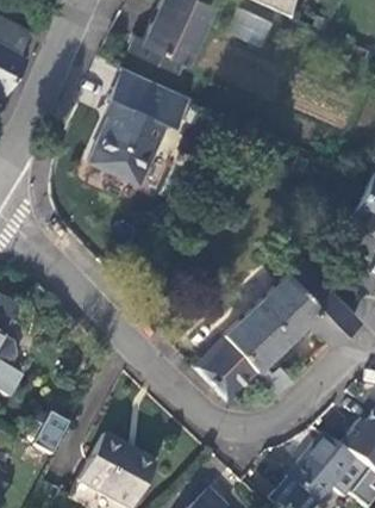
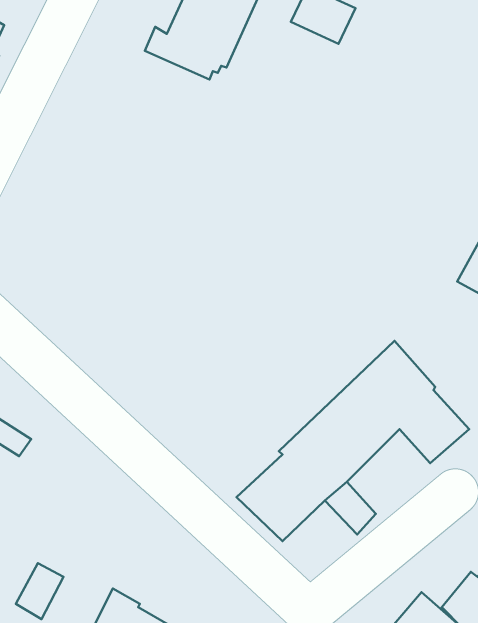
building: [88,67,186,185] -> none

